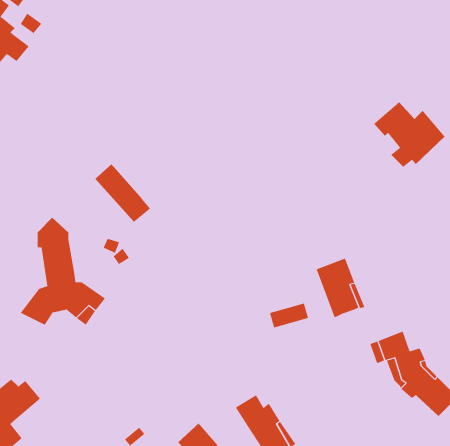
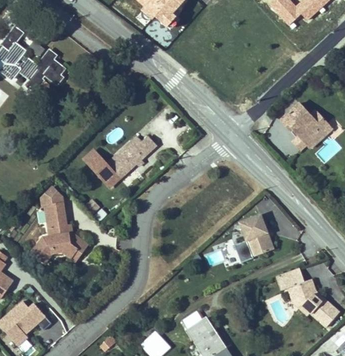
building: none -> [27,52,64,91]
building: none -> [111,135,158,180]

